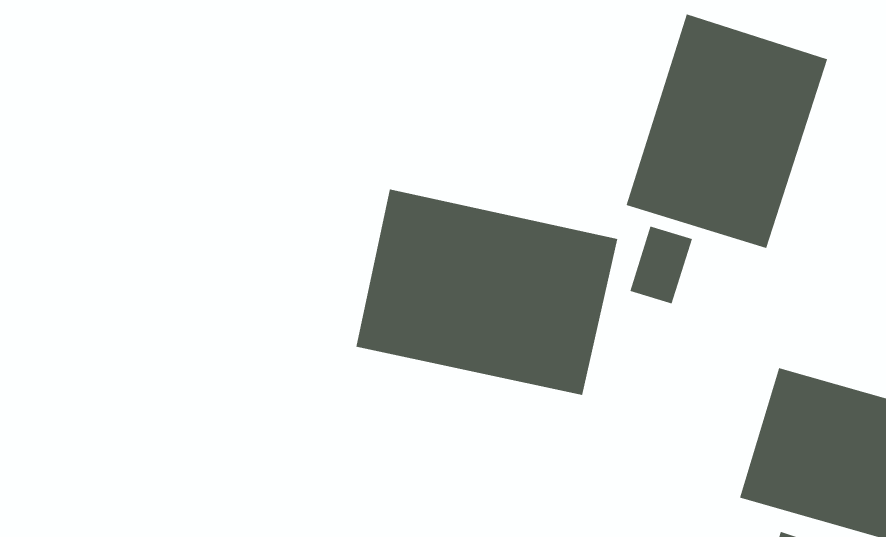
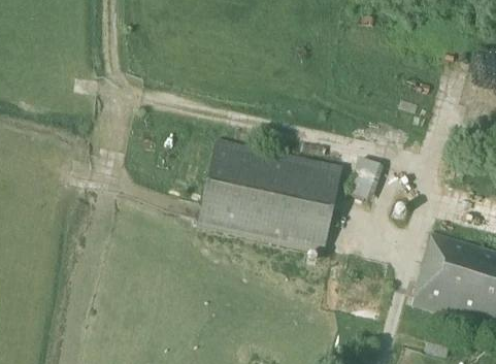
building: [626,13,828,249] -> none

